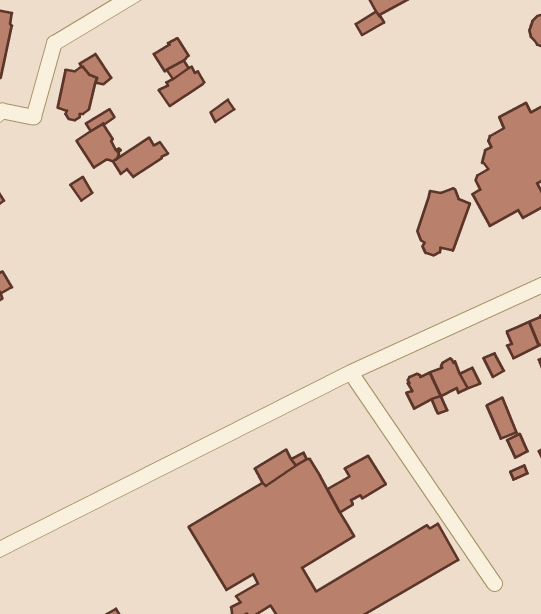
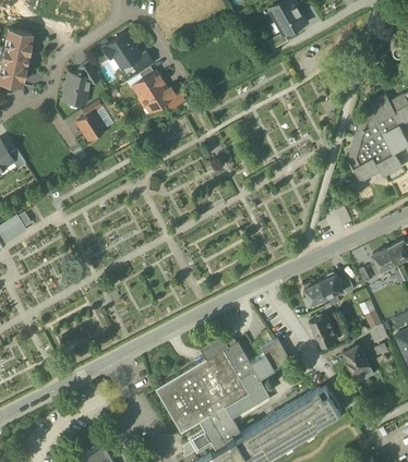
building: none -> [104,33,141,68]
building: [113,138,168,177] -> [139,83,177,110]
building: [418,188,470,255] -> none
building: none -> [312,315,339,346]
building: none -> [346,346,375,381]

